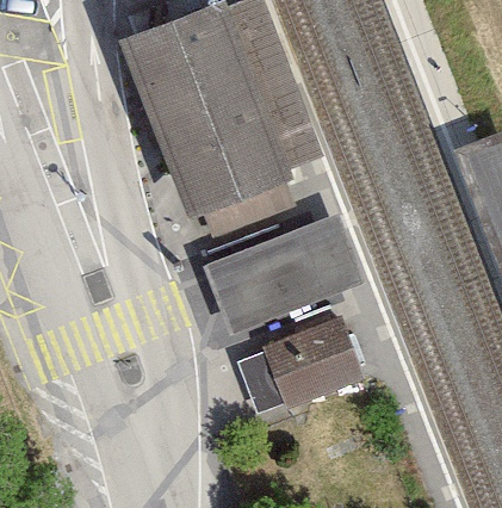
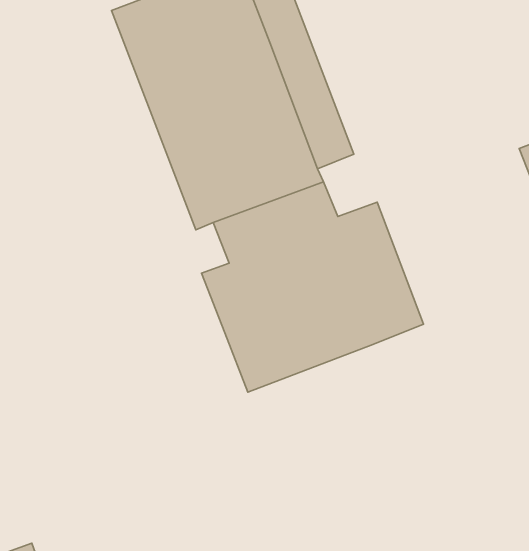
building: [266,316,365,407] -> none

